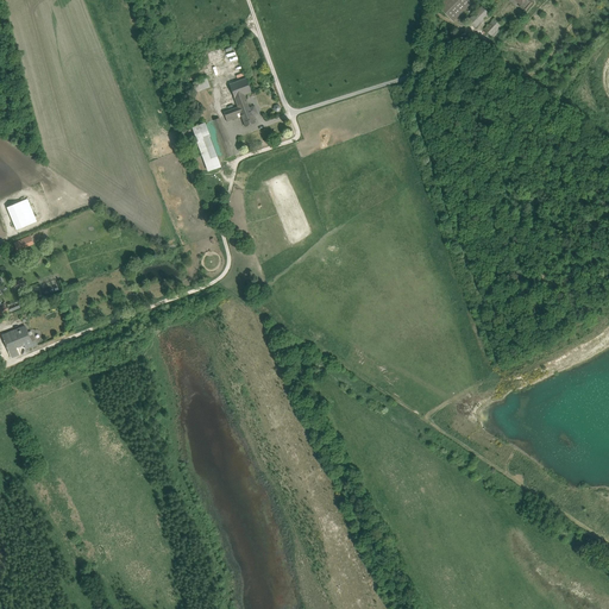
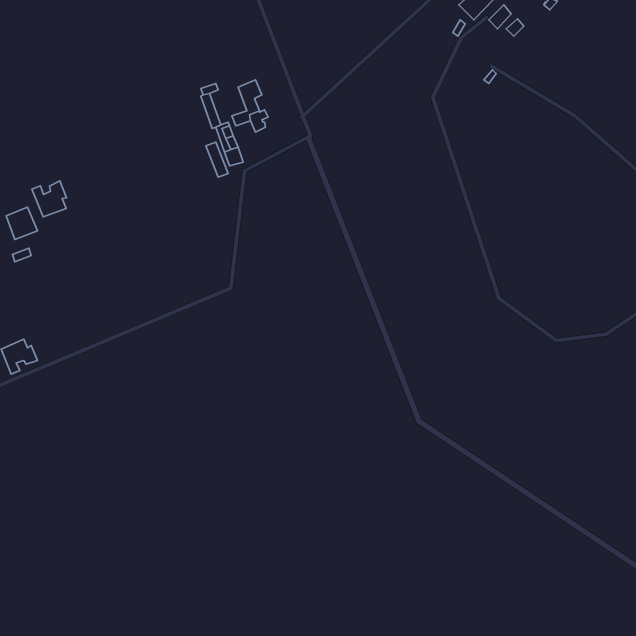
building: none -> [32,181,67,217]

